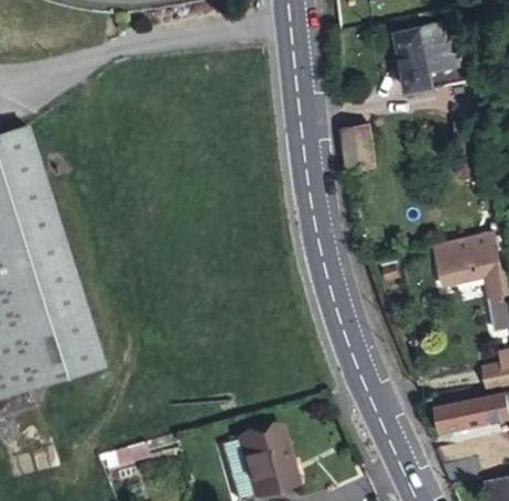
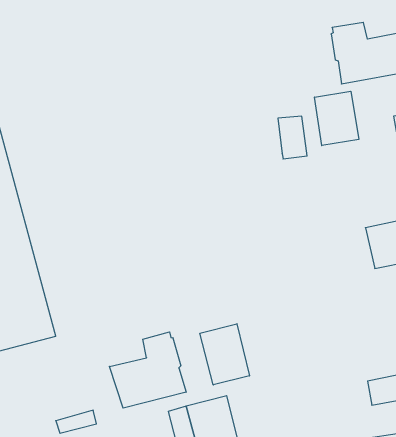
building: none -> [315,91,359,146]
building: none -> [200,324,249,385]
building: none -> [109,332,186,408]

